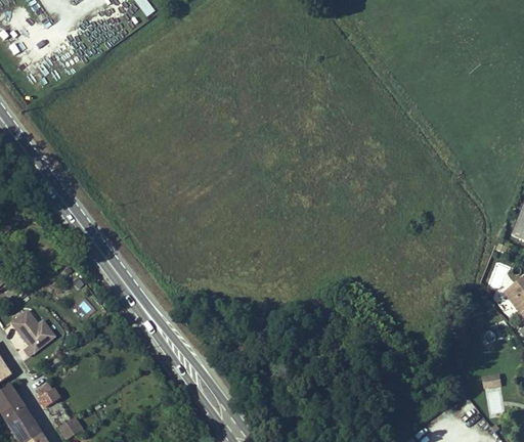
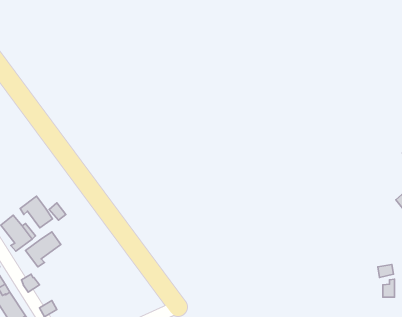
building: none -> [20,196,53,228]
building: none -> [26,232,61,267]

